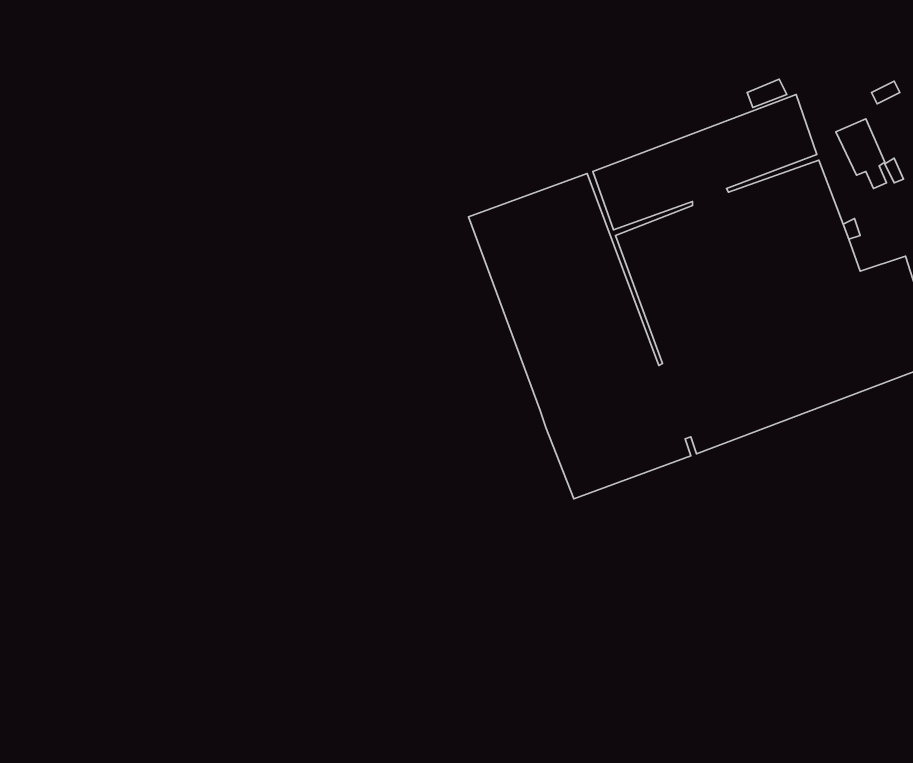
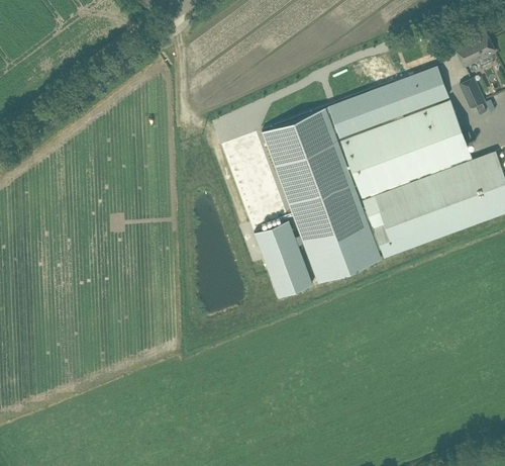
building: none -> [453,31,495,69]
building: none -> [254,219,312,298]

